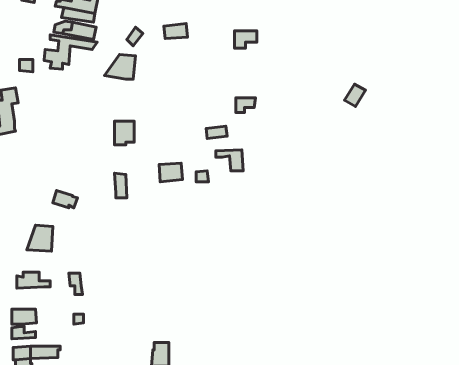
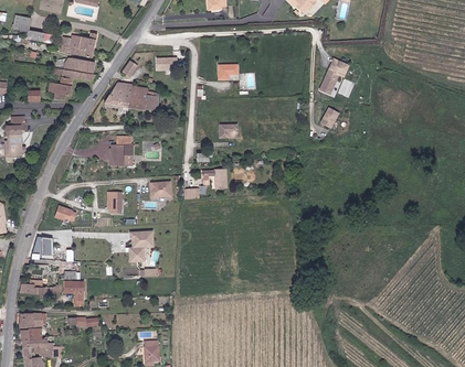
building: none -> [317,62,347,96]
building: none -> [128,86,158,108]
building: none -> [129,230,154,261]

